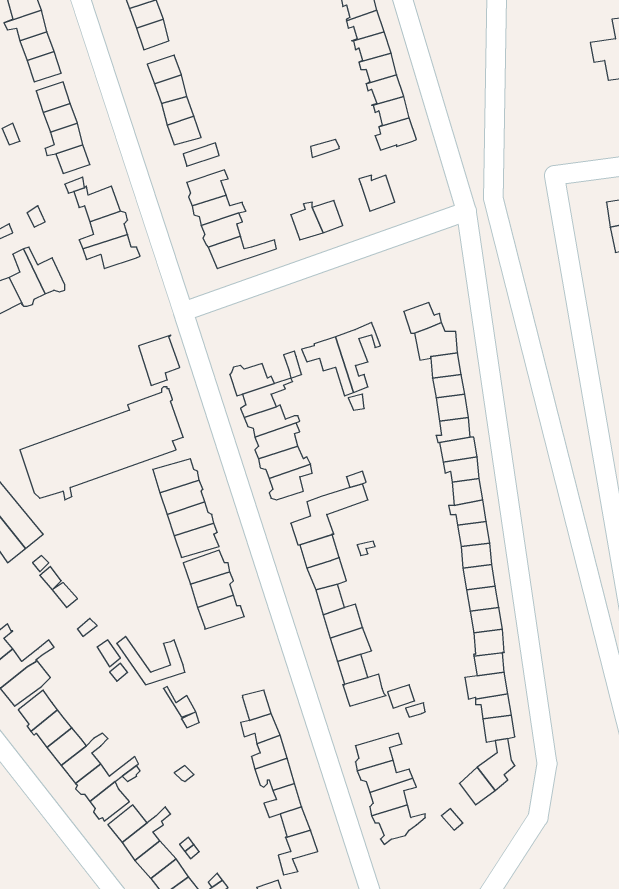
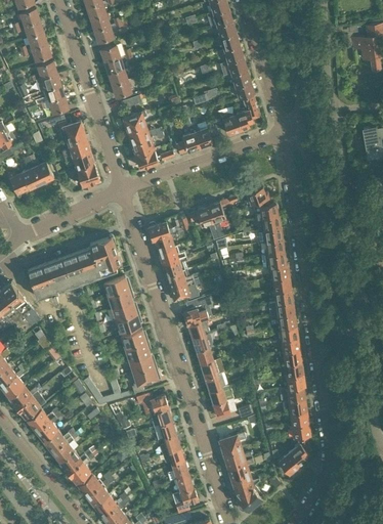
building: none -> [237,95,258,130]
building: [139,335,180,385] -> [76,162,99,190]
building: none -> [130,366,160,393]
building: none -> [136,392,168,416]
building: none -> [236,485,262,512]

